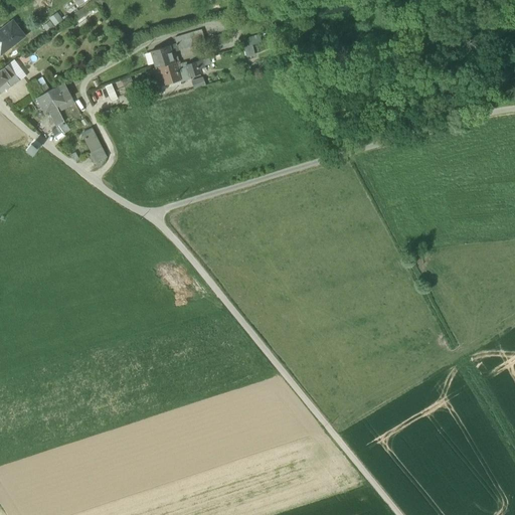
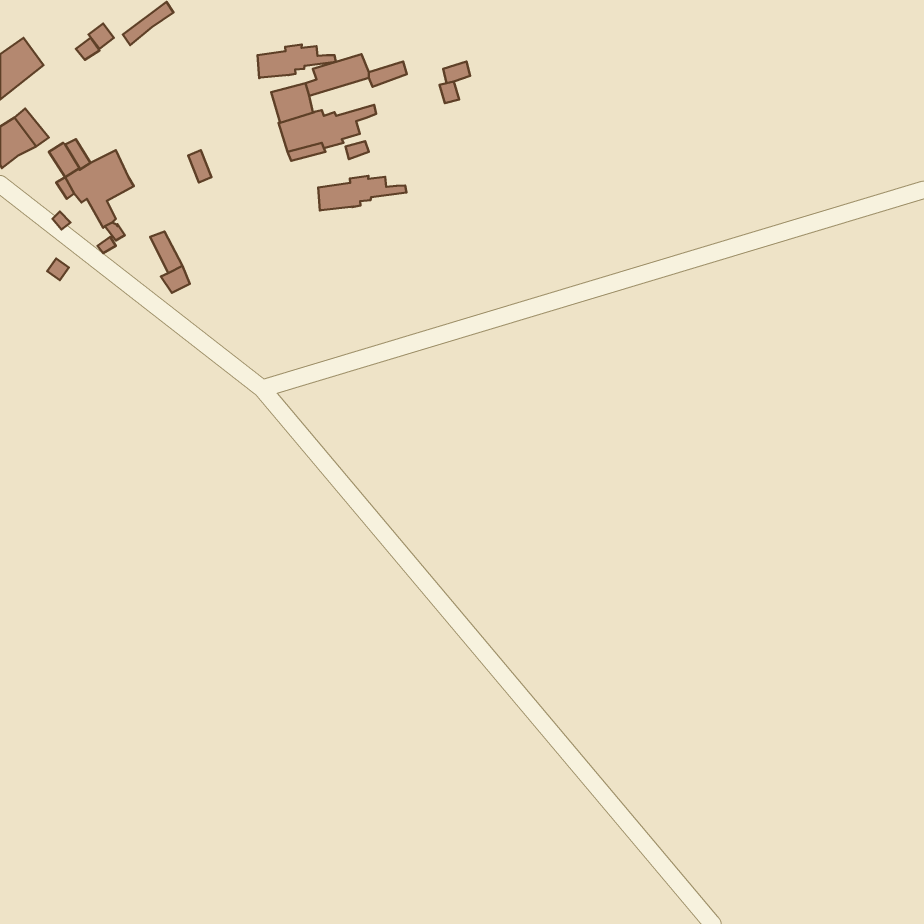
building: none -> [257,45,336,78]
building: none -> [318,176,407,211]

